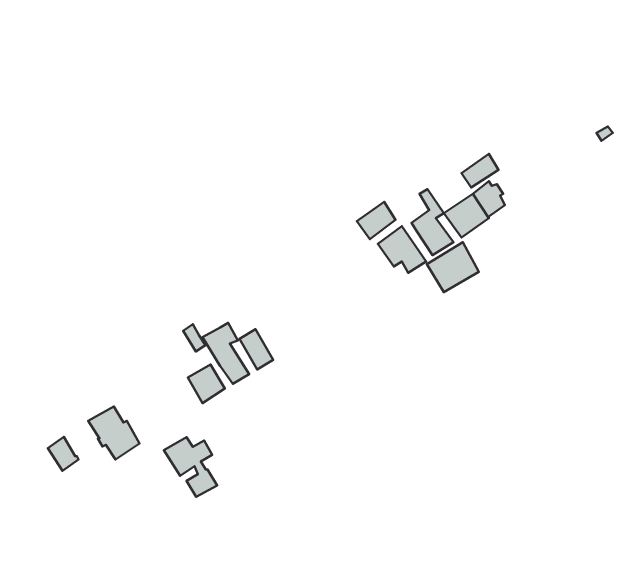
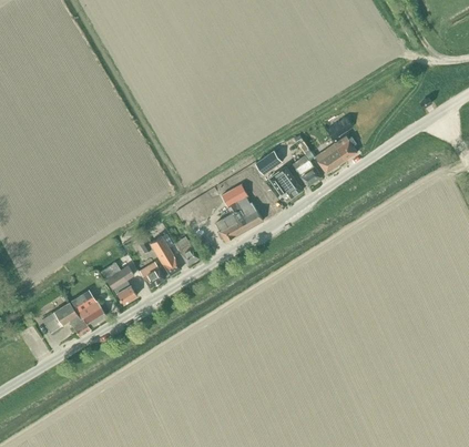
building: [427,242,479,292] -> none
building: none -> [214,184,262,241]
building: none -> [52,302,89,336]
building: [164,437,217,497] -> [99,263,135,304]

